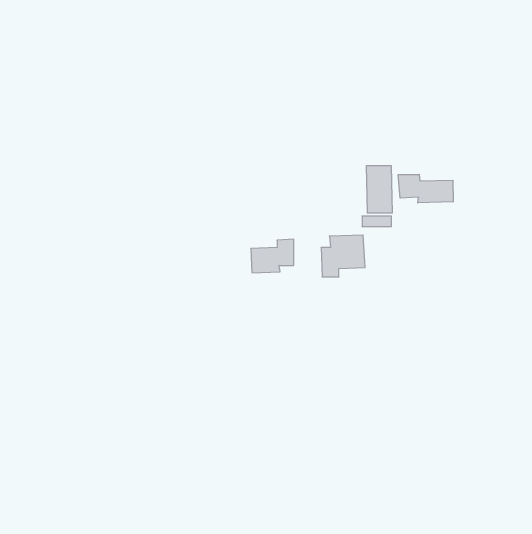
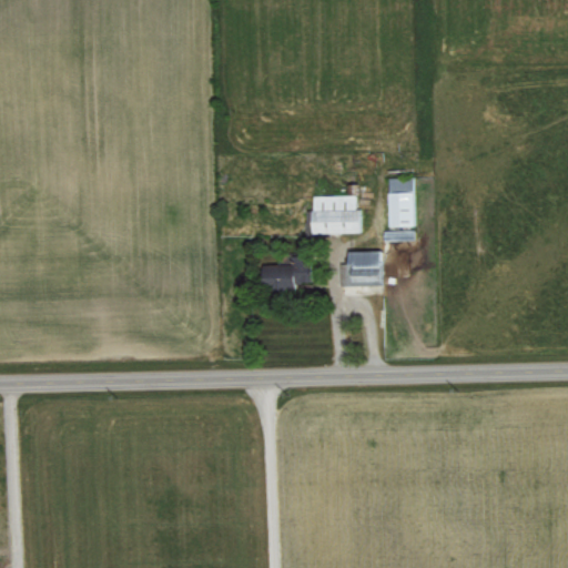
building: [398,174,453,203] -> none
building: none -> [304,195,361,235]

